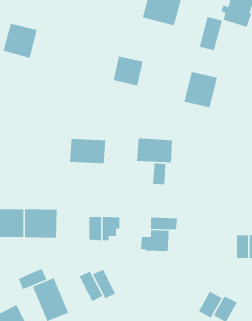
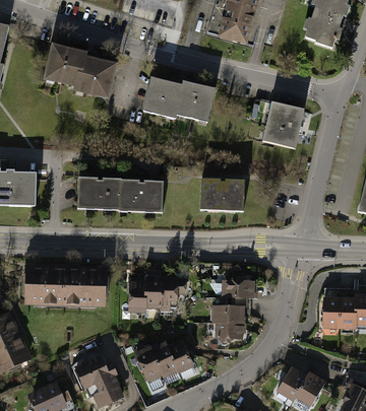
building: [199,16,223,51] -> none
building: none -> [72,54,114,96]
building: none -> [140,77,180,116]
building: none -> [78,180,123,211]
building: [152,162,166,185] -> none
building: none -> [128,276,144,310]
building: none -> [214,319,242,336]
building: none -> [165,337,193,371]
building: [18,268,47,290] -> none

